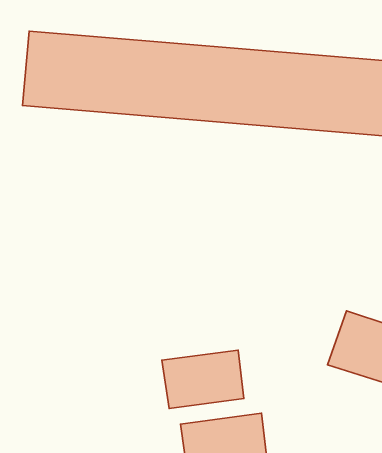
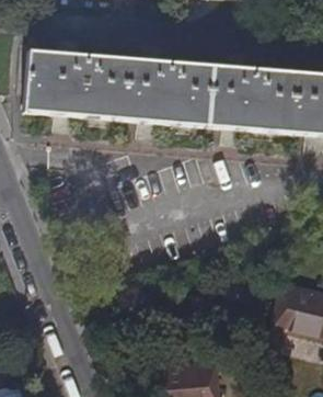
building: [162,350,244,408] -> none

